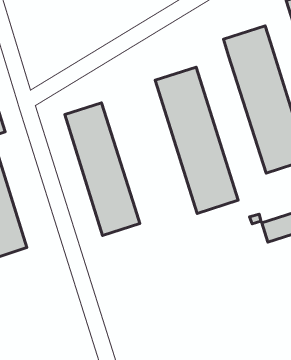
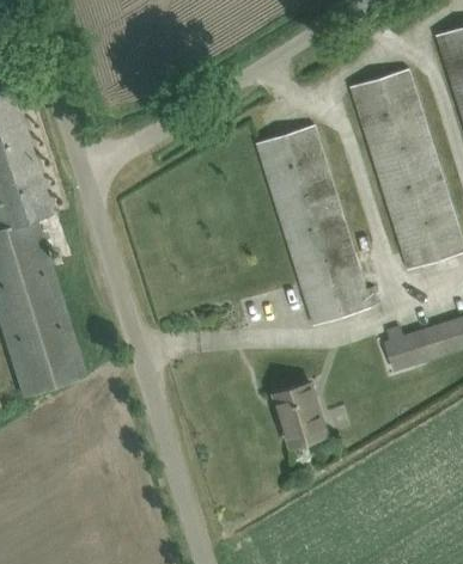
building: [65,103,140,236] -> none
building: none -> [275,384,327,446]

